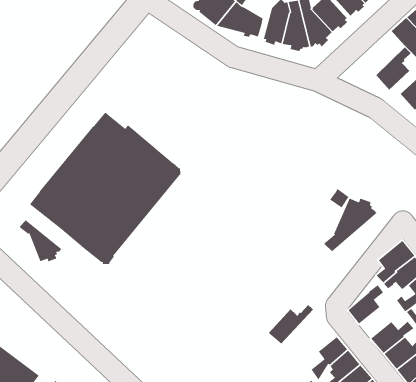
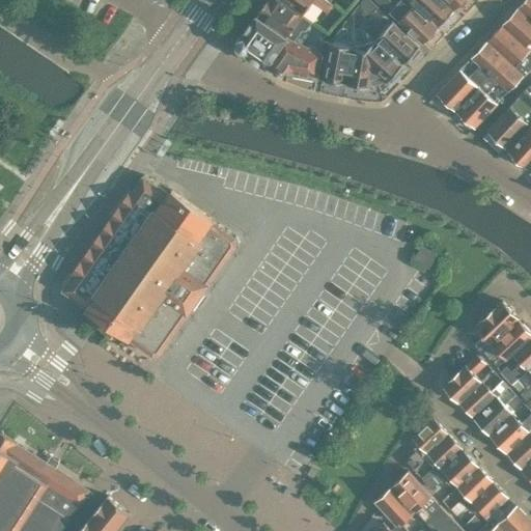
building: none -> [437,66,487,112]
building: [323,197,378,252] -> none
building: [19,219,62,262] -> none
building: [268,304,314,345] -> none
building: none -> [457,382,507,420]

